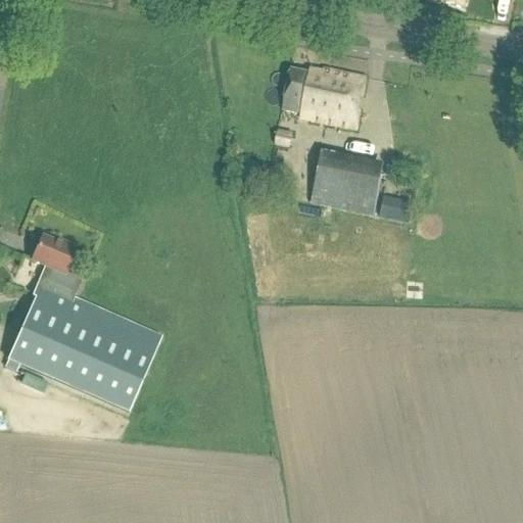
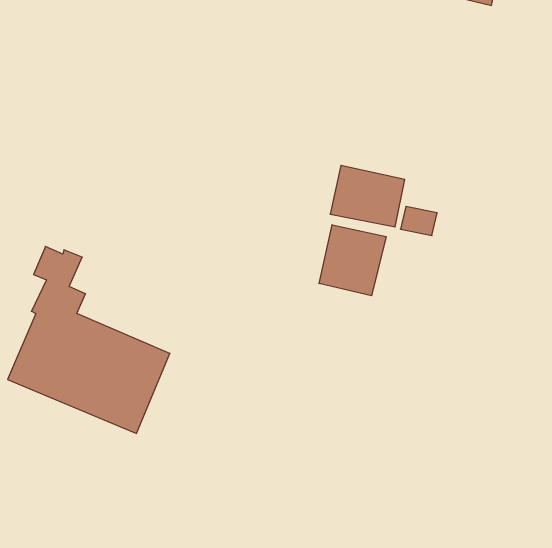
building: [281,66,365,127] -> none
building: none -> [319,225,386,296]

